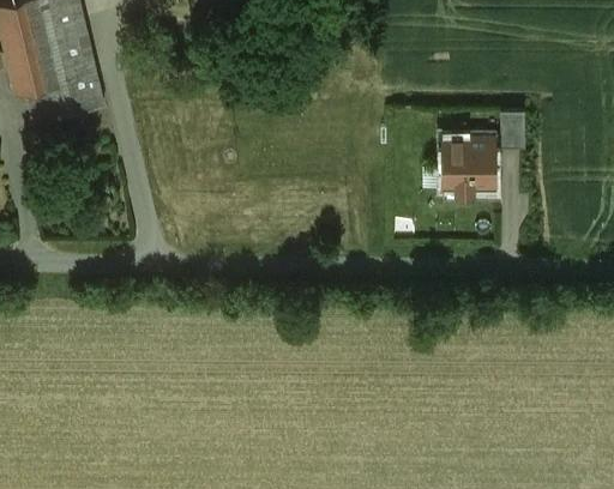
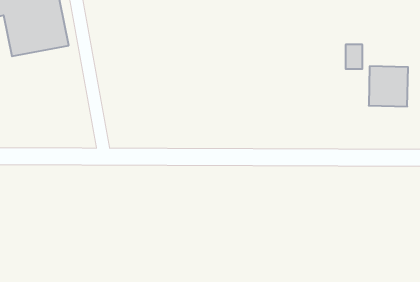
building: [439,133,495,191] -> [369,66,408,106]

